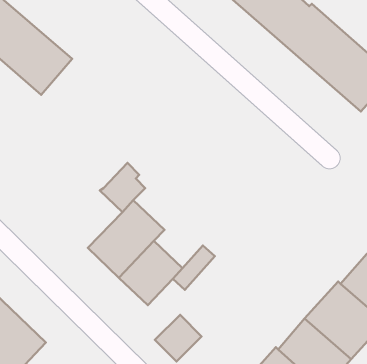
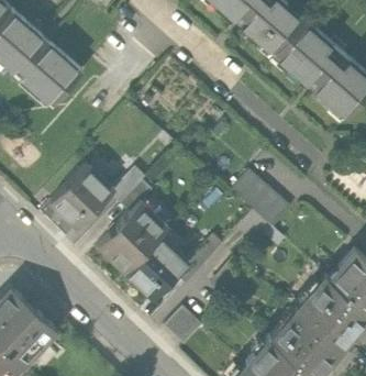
building: none -> [51,166,111,226]
building: none -> [228,172,287,228]

